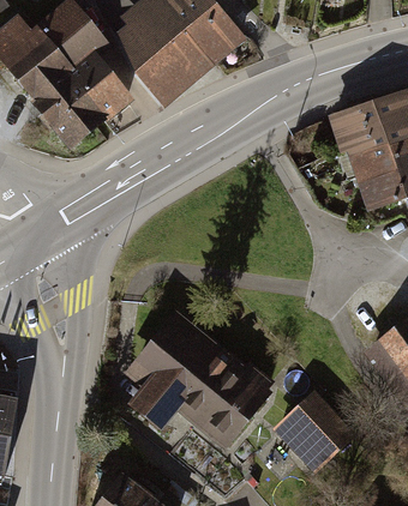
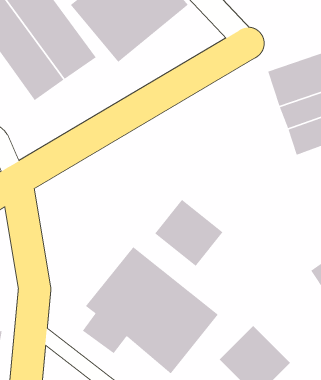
building: none -> [154,199,224,267]

